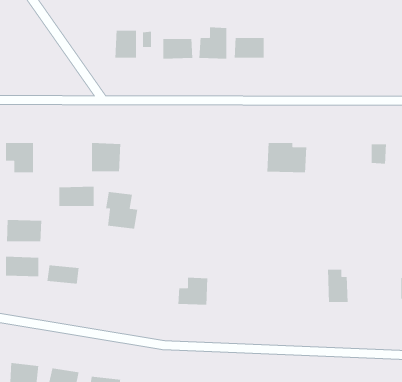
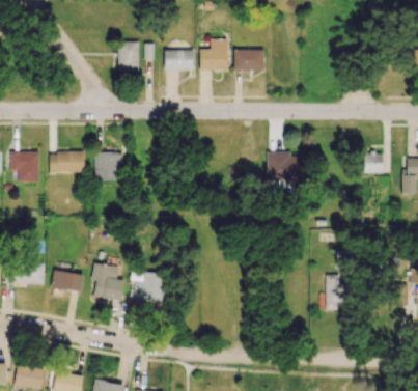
building: [58,186,95,207] -> [50,151,85,172]
building: [105,191,138,229] -> [92,262,124,300]
building: [6,219,42,242] -> none
building: [177,277,208,306] -> [135,272,165,300]

